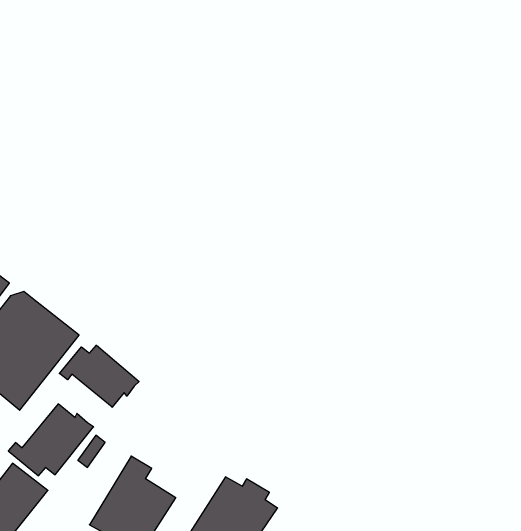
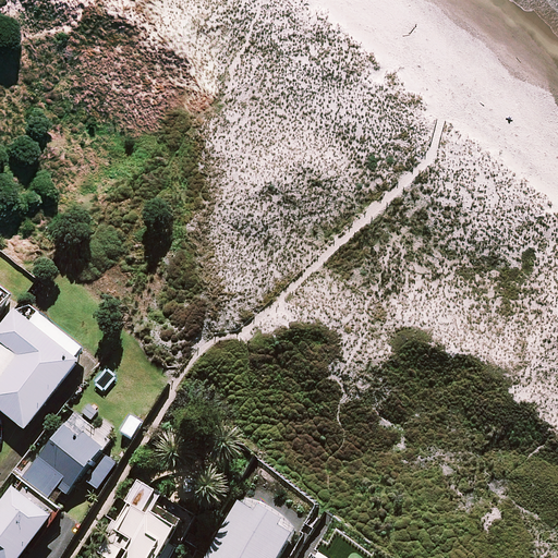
building: [59,345,139,407] -> none

